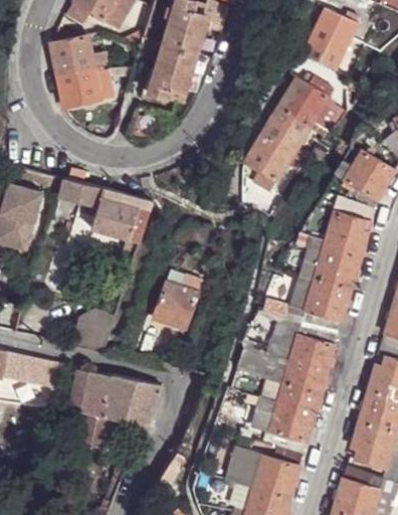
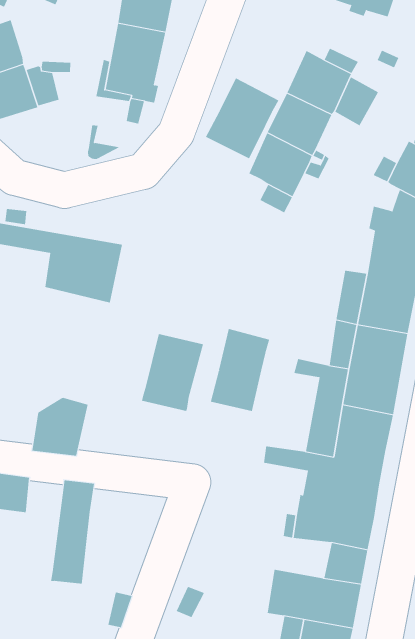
building: none -> [205,77,279,159]
building: none -> [210,328,270,412]
building: [104,374,162,427] -> none

